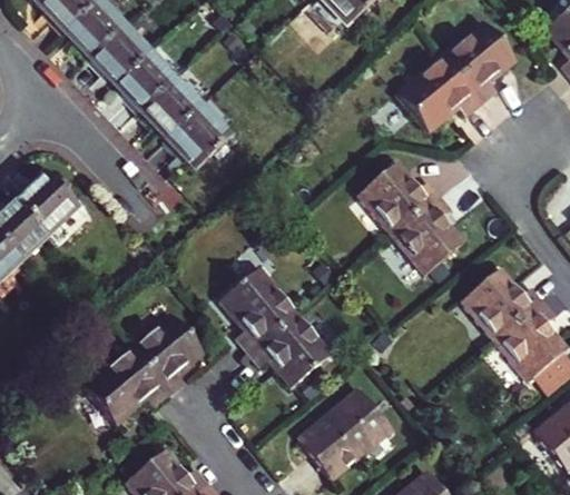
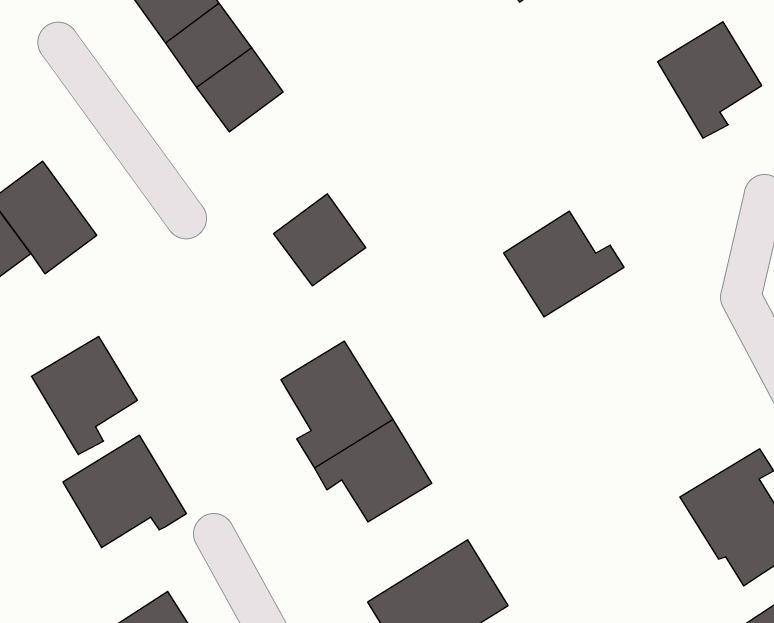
building: [395,55,480,132] -> none
building: [165,107,227,169] -> [274,194,366,286]
building: [390,194,462,274] -> none
building: [462,268,544,341] -> none
building: [131,315,204,395] -> [31,337,137,455]

